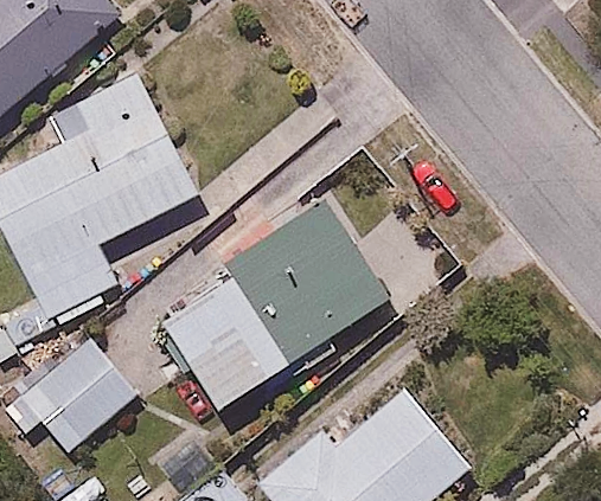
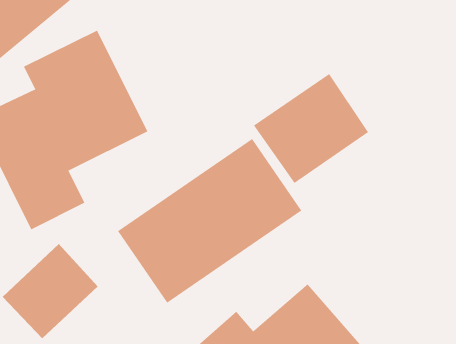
building: none -> [253,73,369,184]

